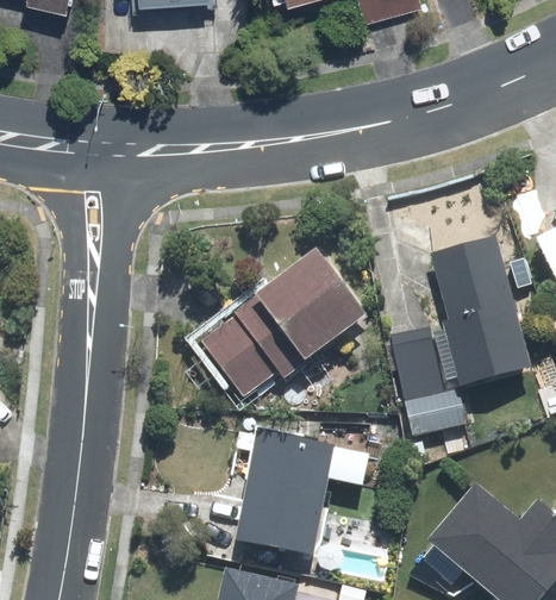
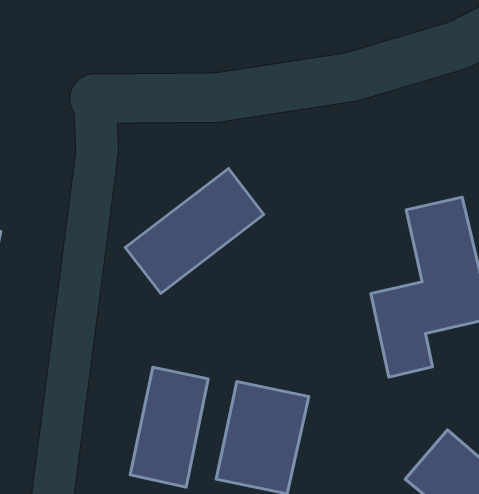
building: [208,258,352,388] -> [125,168,264,293]
building: none -> [130,367,208,487]

